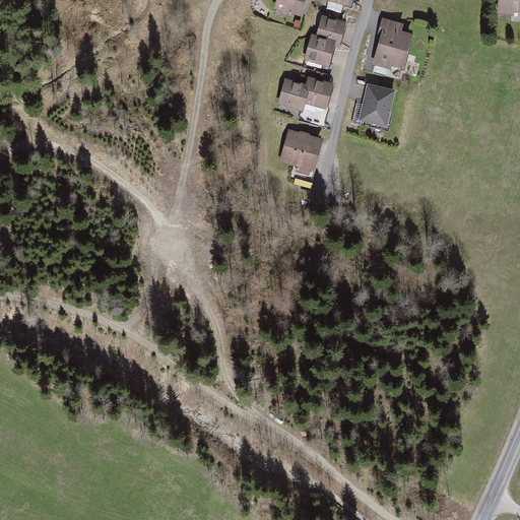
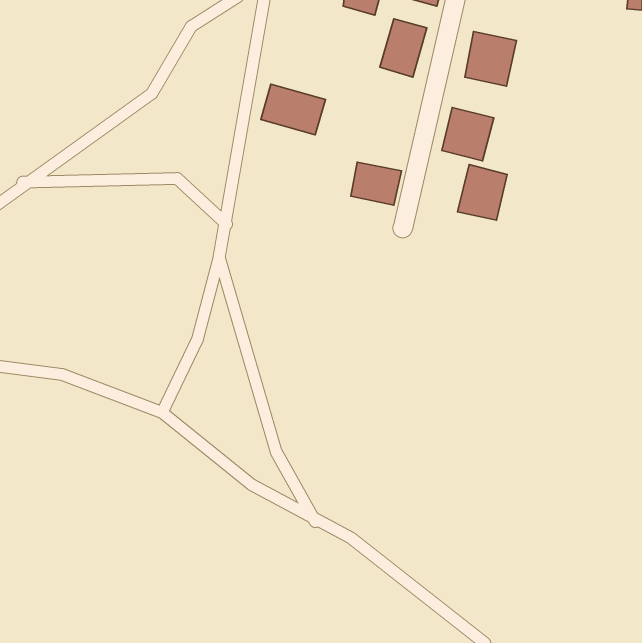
building: [279,74,331,115] -> [261,84,325,135]
building: none -> [458,165,507,220]

